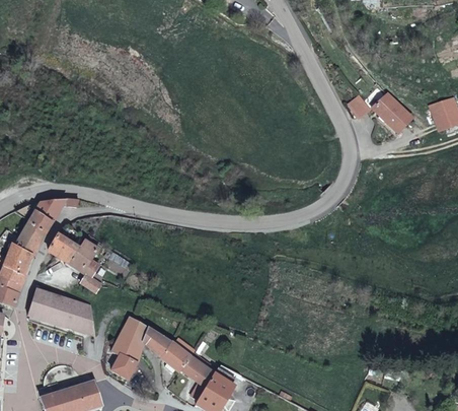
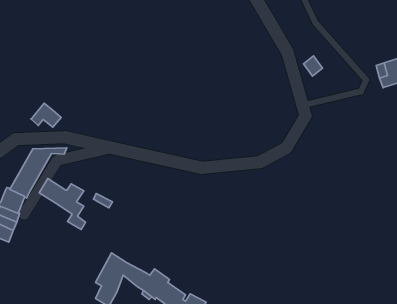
building: [371,92,412,133] -> none
building: none -> [31,103,61,127]
building: [27,288,94,333] -> none

